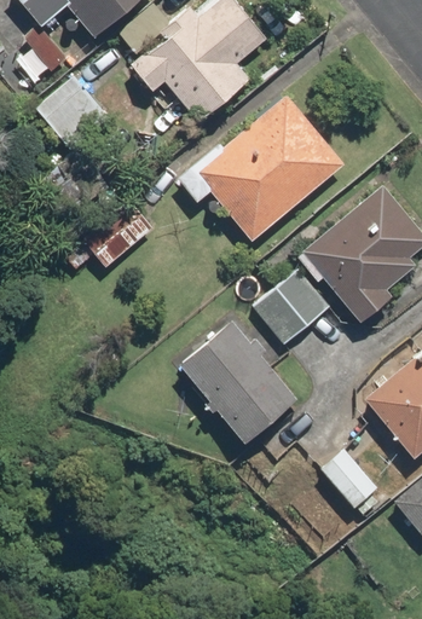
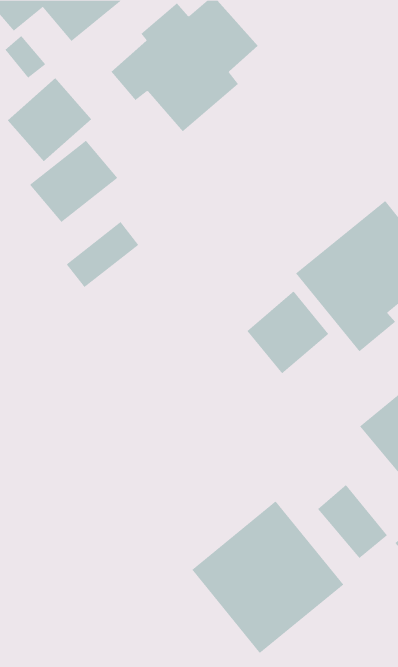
building: [173,97,343,239] -> none
building: none -> [29,140,118,223]
building: [172,314,300,446] -> none
building: none -> [192,501,344,654]

